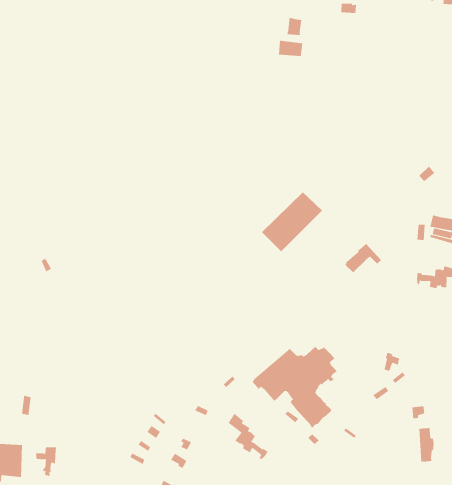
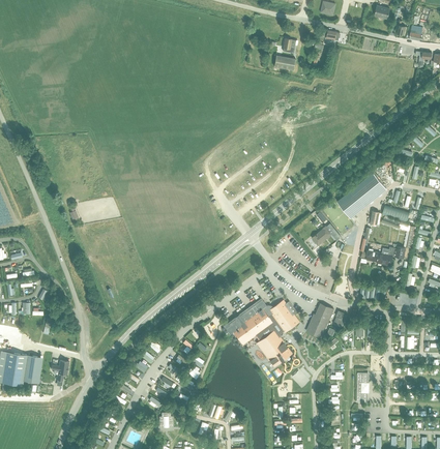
building: [261,192,323,252] -> [335,172,386,218]
building: none -> [307,303,333,337]
building: [228,413,268,460] -> none

